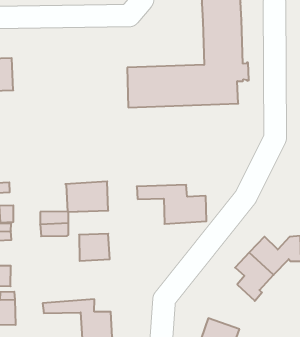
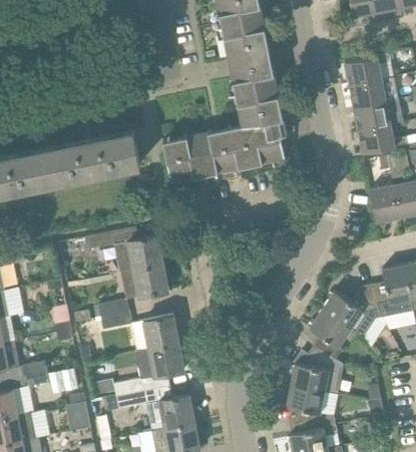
building: none -> [42,133,139,185]
building: [137,185,206,224] -> [84,230,162,274]
building: none -> [114,344,184,401]
building: none -> [291,348,336,394]

